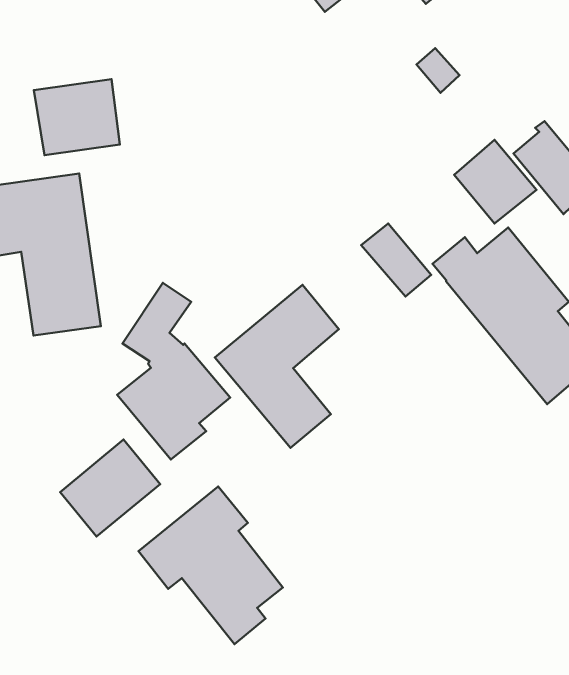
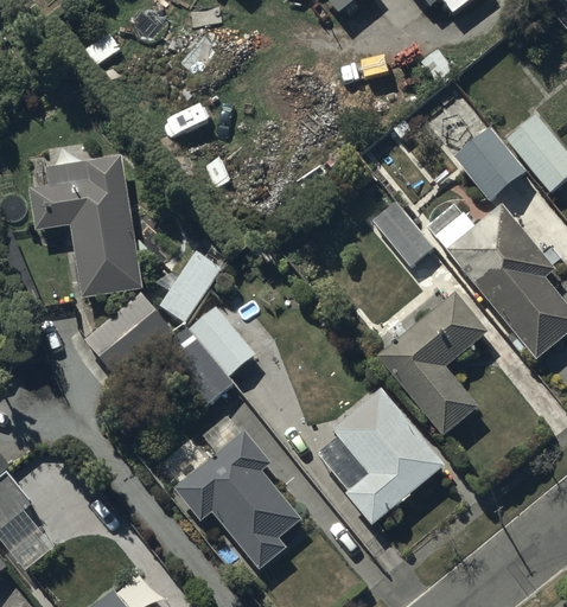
building: [34,79,120,155] -> none
building: [215,285,339,448] -> [376,292,485,435]
building: none -> [317,388,444,524]
building: [60,440,160,537] -> [84,292,172,377]

